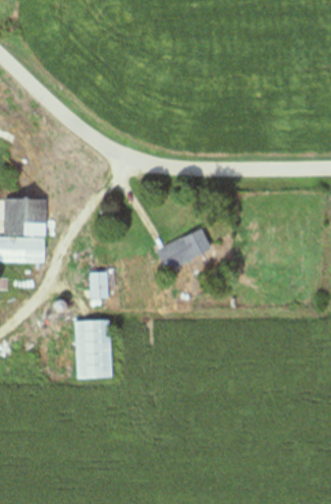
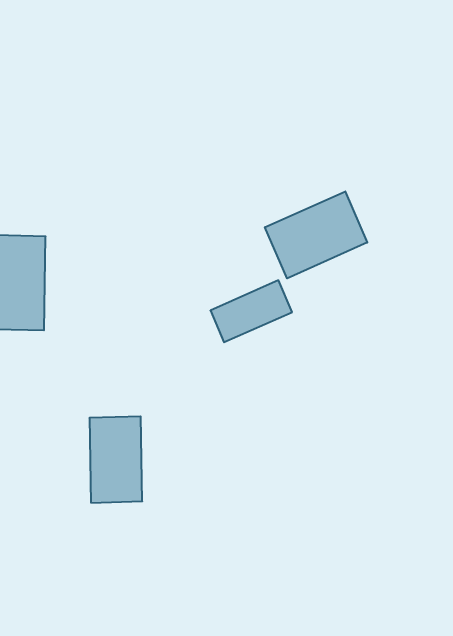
building: none -> [265,191,367,278]
building: [91,273,107,297] -> none

